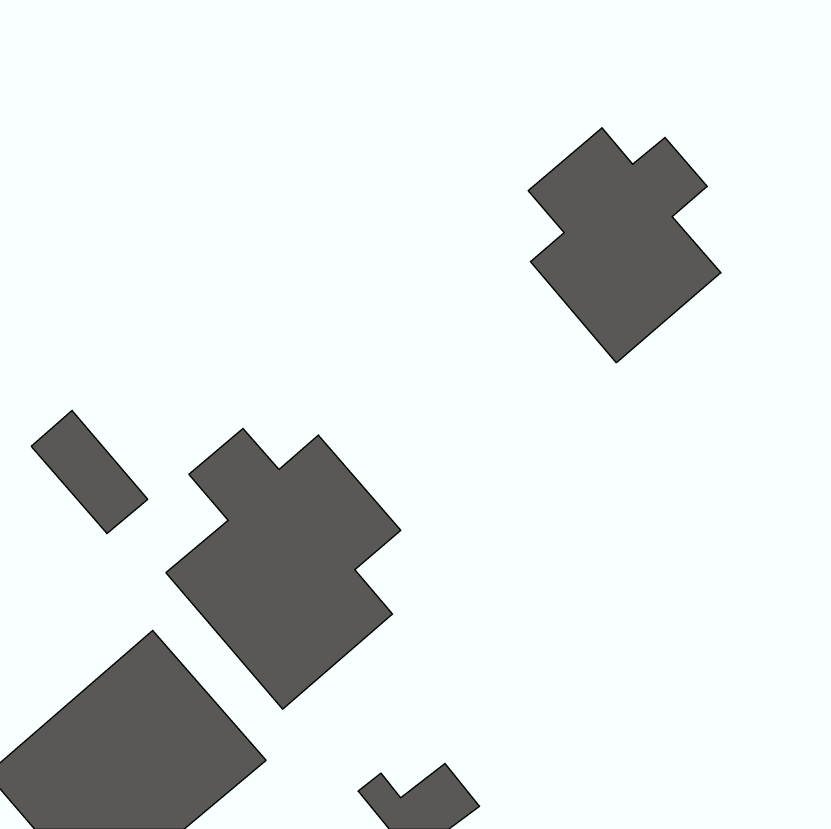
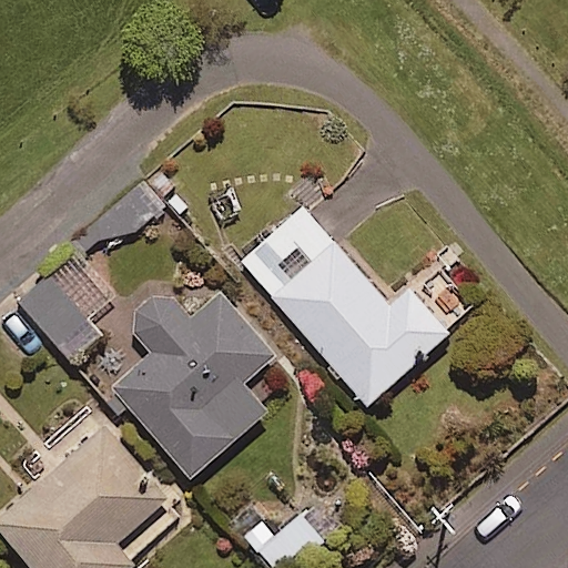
building: [528,128,721,363] -> none
building: none -> [240,204,448,406]

